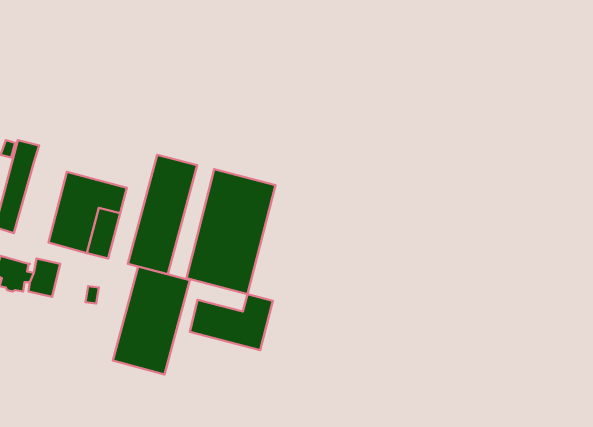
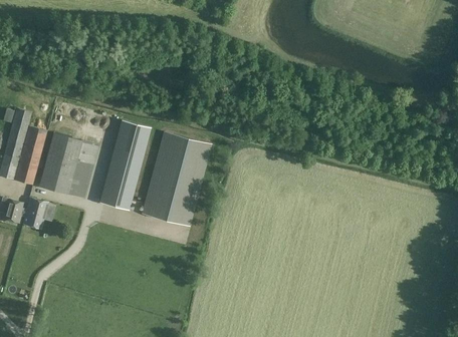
building: none -> [12,126,46,186]
building: [113,266,190,375] -> none
building: [190,294,273,350] -> none

